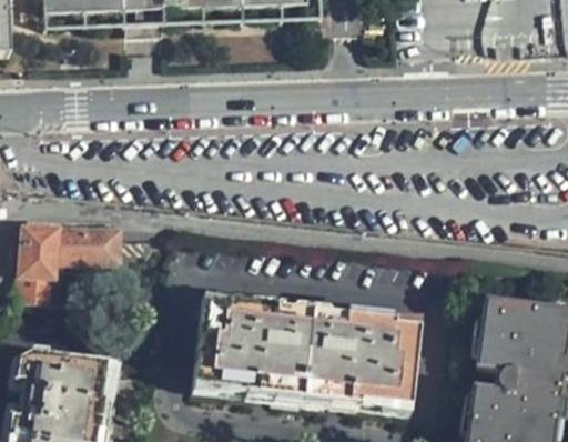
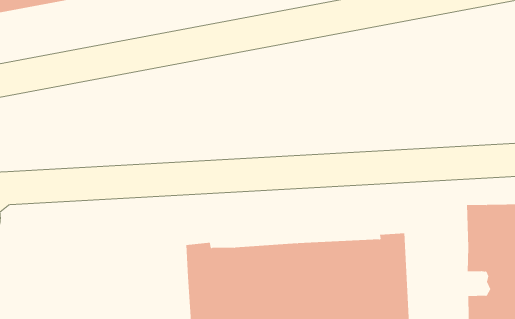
building: [18,225,112,320] -> none

